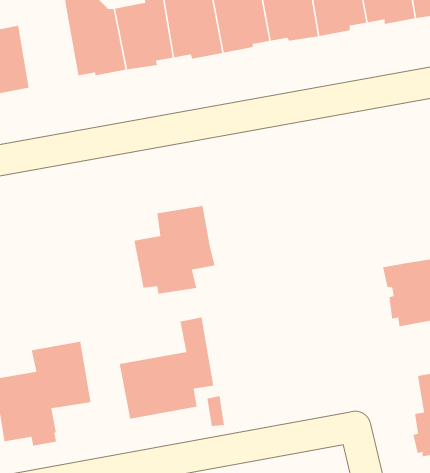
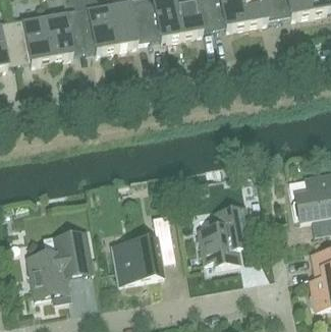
building: none -> [45,7,85,60]
building: [134,205,215,294] -> [199,206,254,266]

